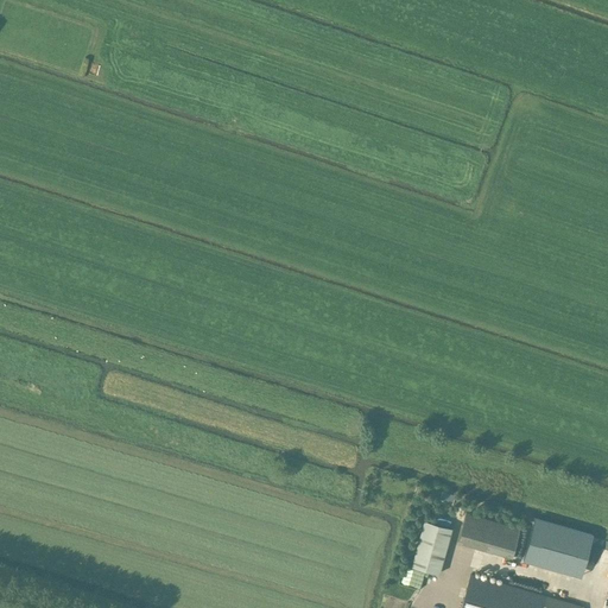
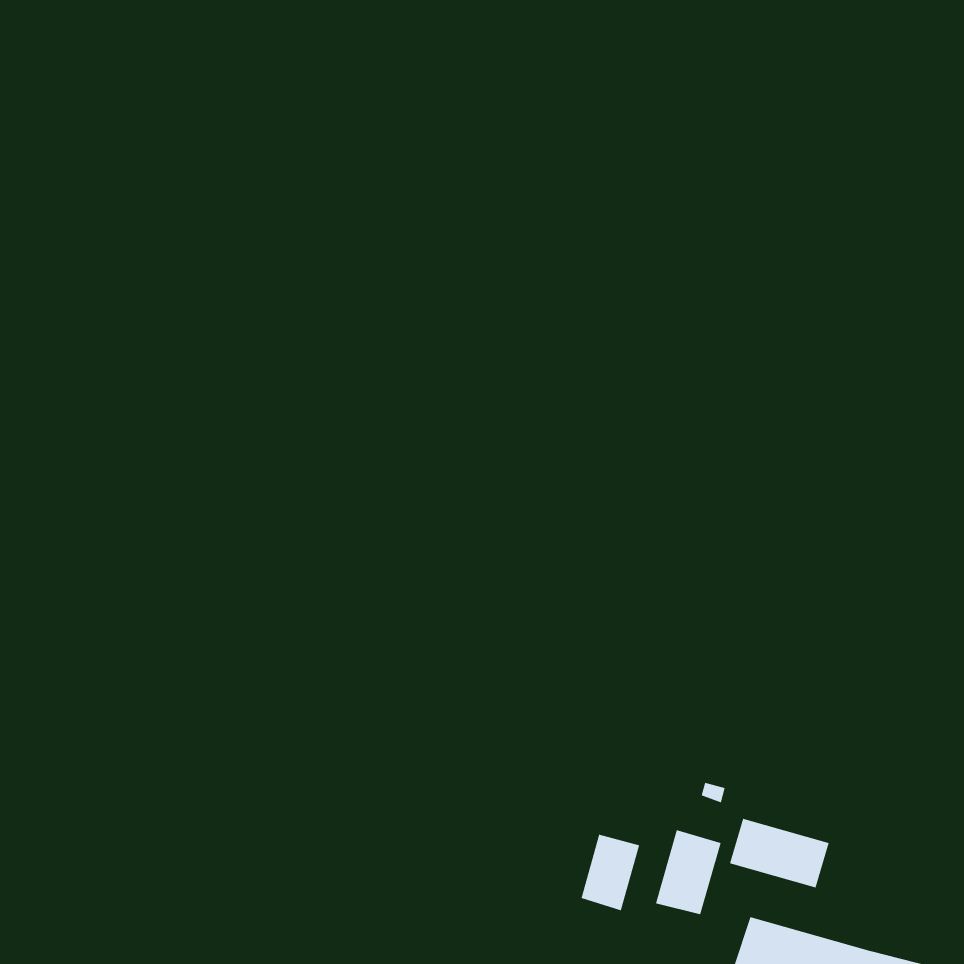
building: [525,522,583,575] -> none
building: none -> [581,834,640,911]

